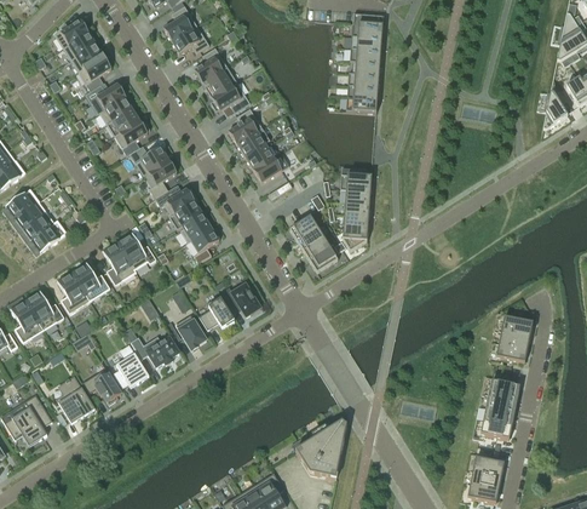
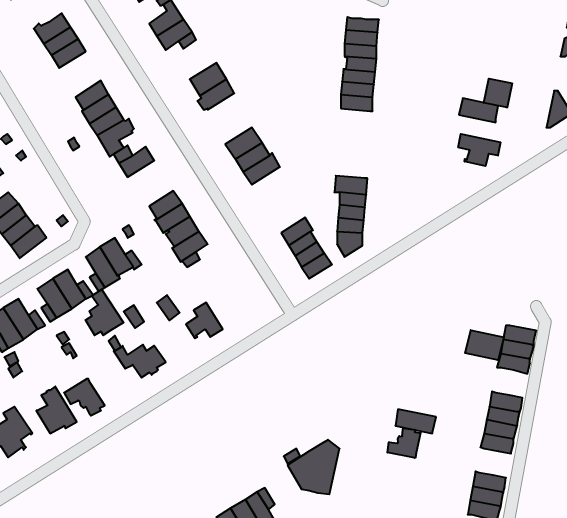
building: [194,46,228,81] -> none
building: [77,55,111,90] -> none
building: none -> [484,79,512,108]
building: [228,107,261,143] -> none
building: none -> [458,134,500,166]
building: [143,159,177,198] -> none
building: [221,282,260,315] -> none
building: [174,313,206,349] -> none
building: none -> [465,330,504,360]
building: [113,343,149,387] -> [85,290,124,335]
building: none -> [387,428,421,458]

